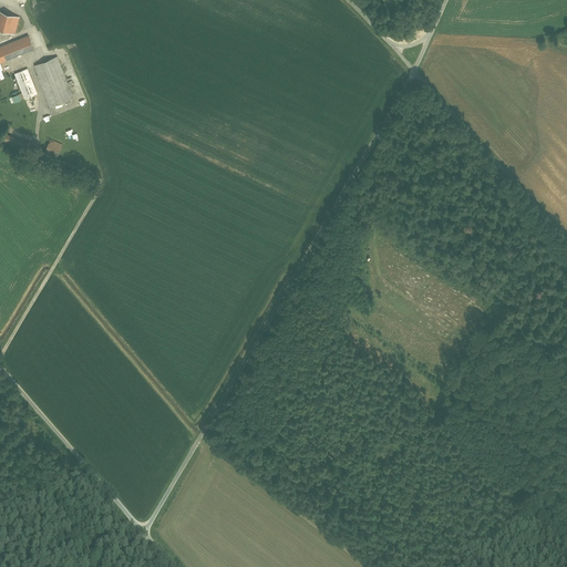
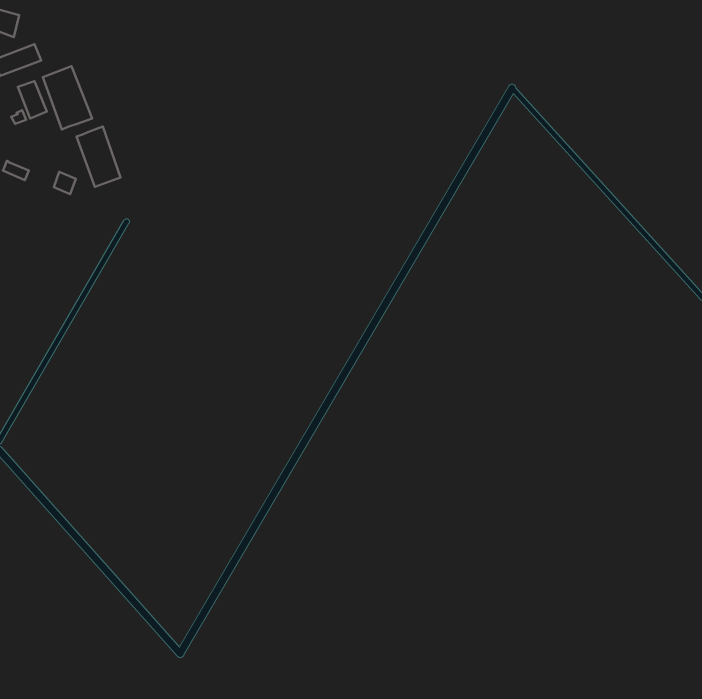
building: none -> [76,127,120,187]

